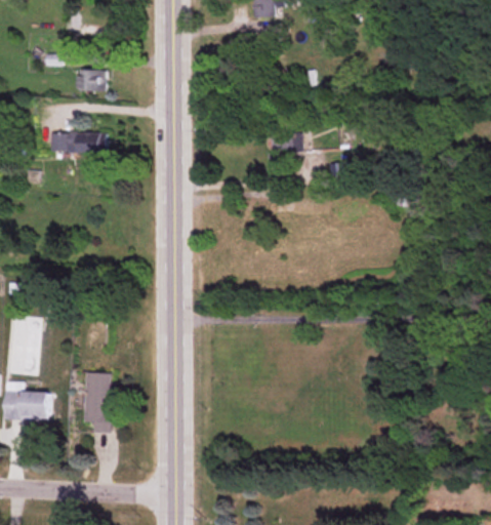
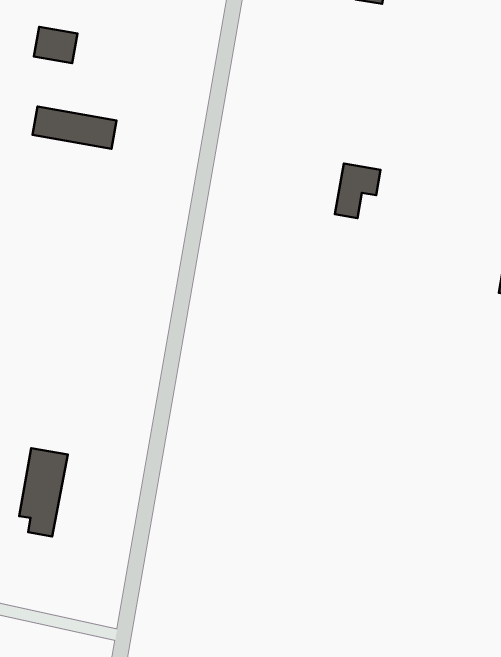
building: [79,70,107,91] -> [34,27,77,63]

